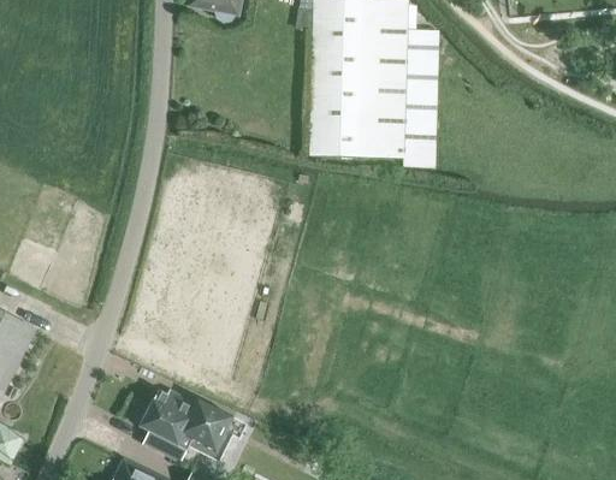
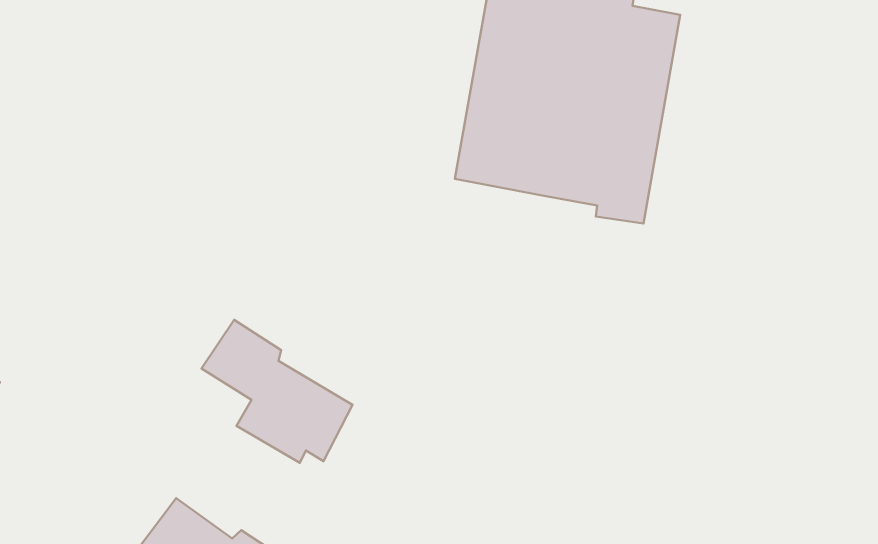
building: none -> [201,320,352,463]

